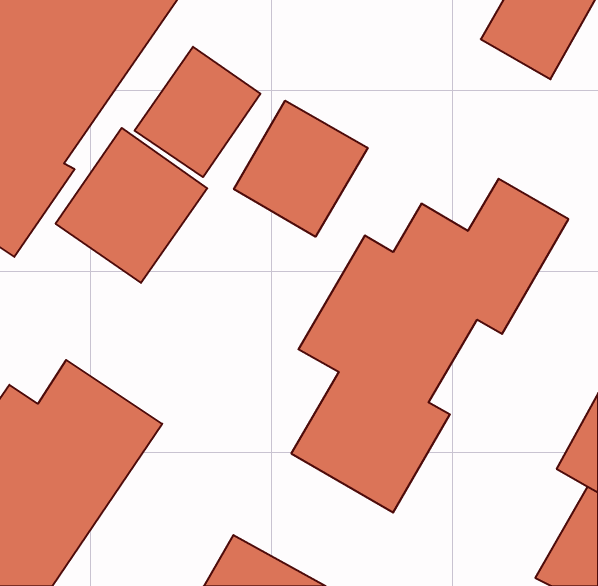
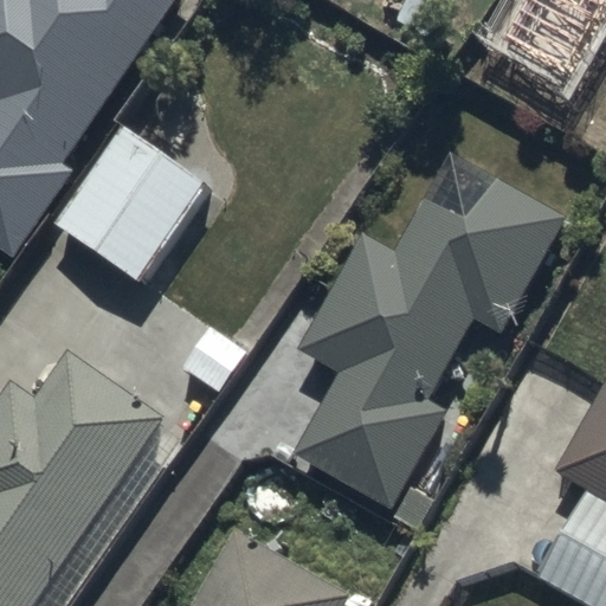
building: [135,47,260,177] -> none
building: [234,101,368,237] -> none

